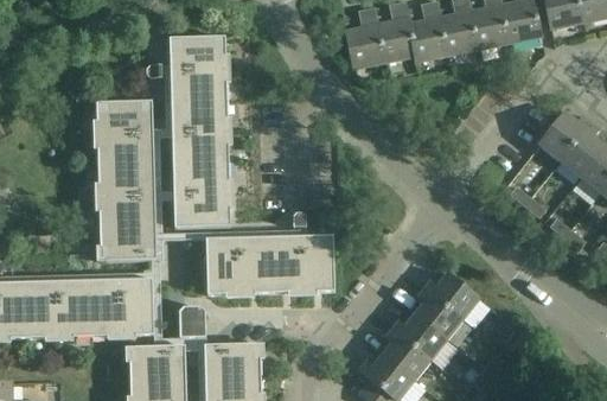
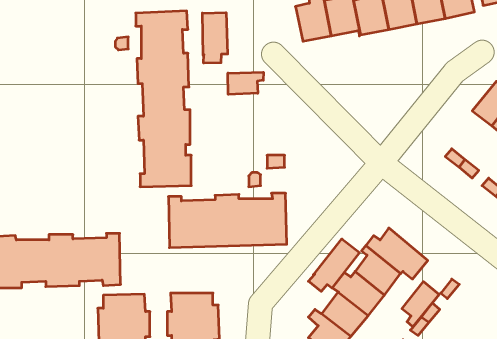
building: none -> [202,13,228,63]
building: [97,100,156,260] -> none
building: none -> [228,72,263,94]
building: none -> [308,239,359,291]
building: [179,305,206,337] -> none
building: none -> [402,282,439,327]

